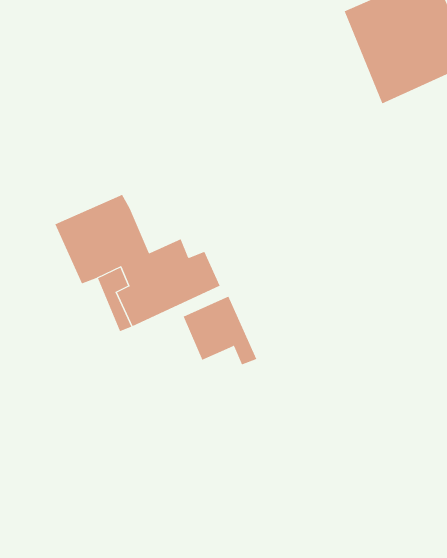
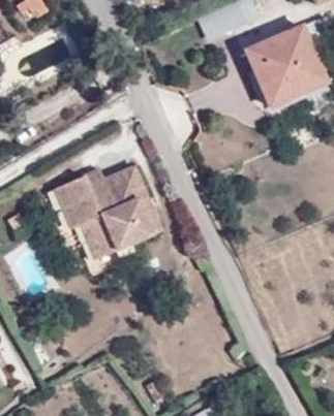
building: [183,296,257,365] -> [104,164,153,210]

